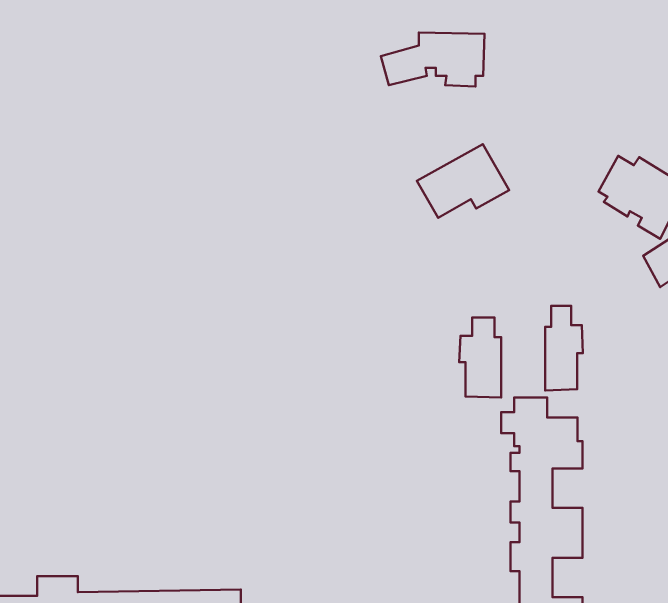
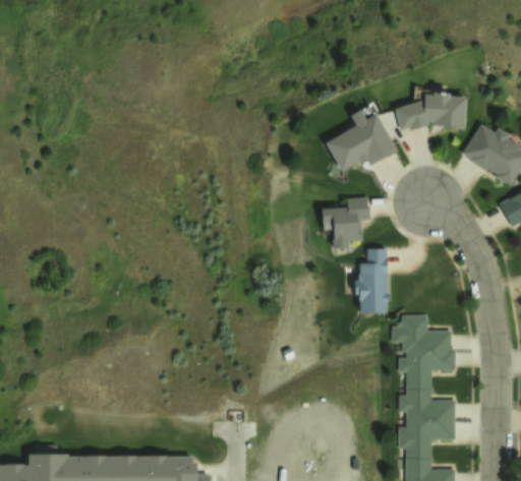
building: [381,32,485,86] -> [393,92,473,133]
building: none -> [324,195,369,240]
building: [545,306,583,391] -> none

